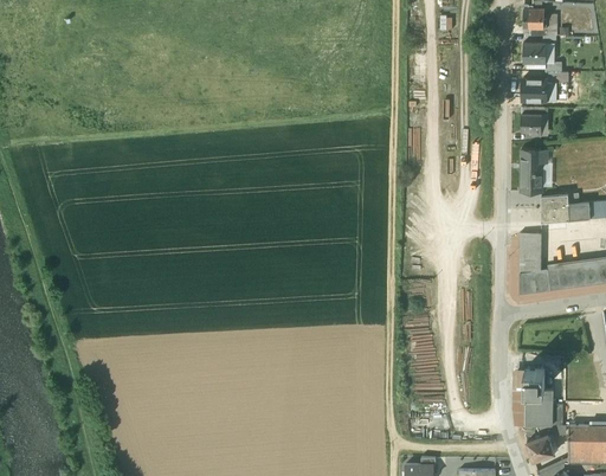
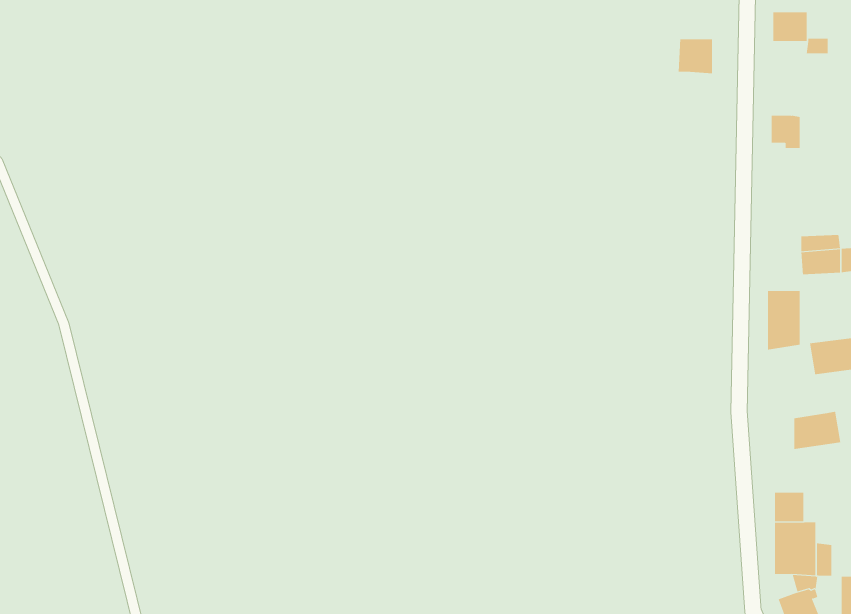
building: [522,78,546,102] -> [678,39,713,74]
building: [521,150,547,193] -> none
building: [520,269,552,295] -> [794,411,841,450]

